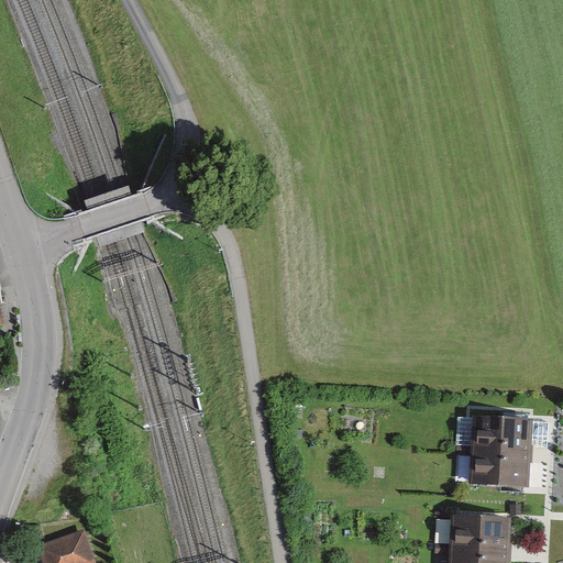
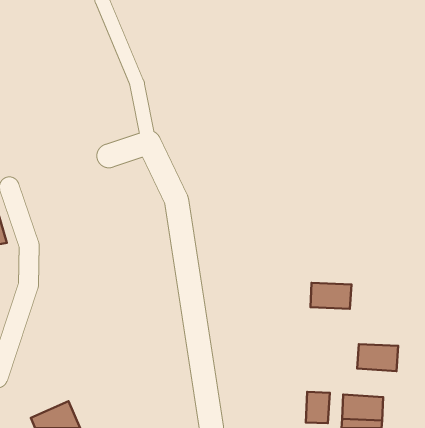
building: [472,420,526,454] -> [311,283,351,309]
building: none -> [306,392,330,423]

